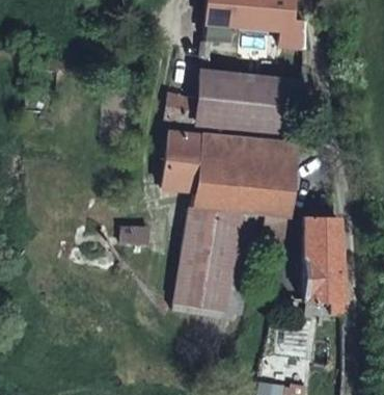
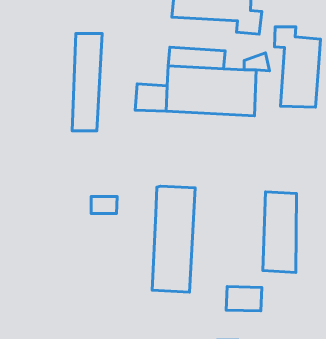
building: none -> [274,27,321,107]
building: none -> [72,33,102,131]
building: [160,139,297,218] -> none

